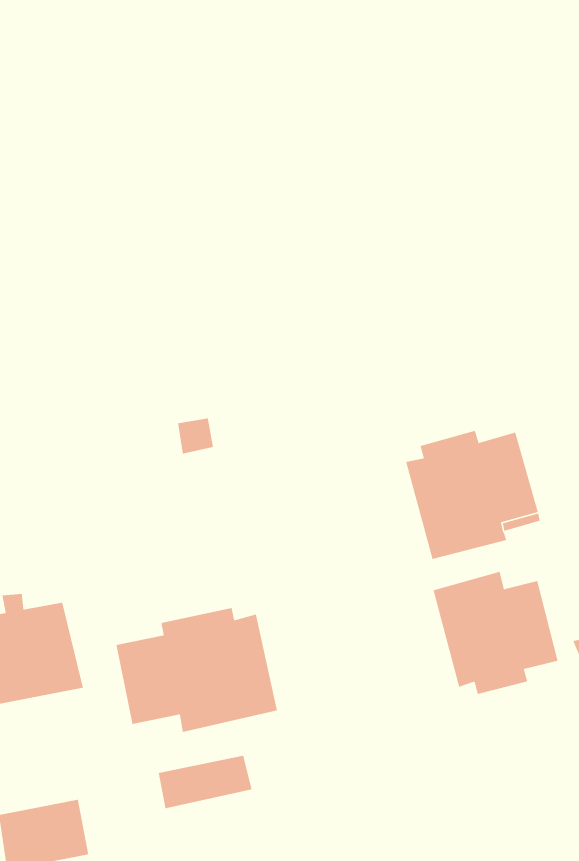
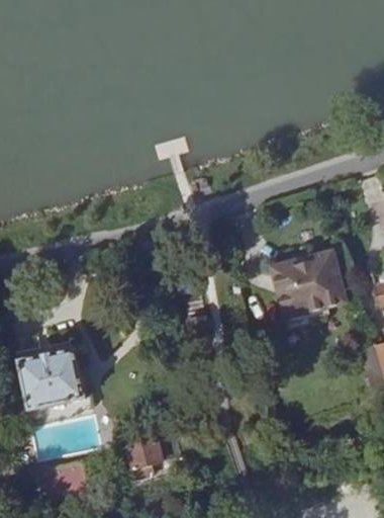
building: [432,571,559,695] -> none
building: [116,607,278,733] -> none

